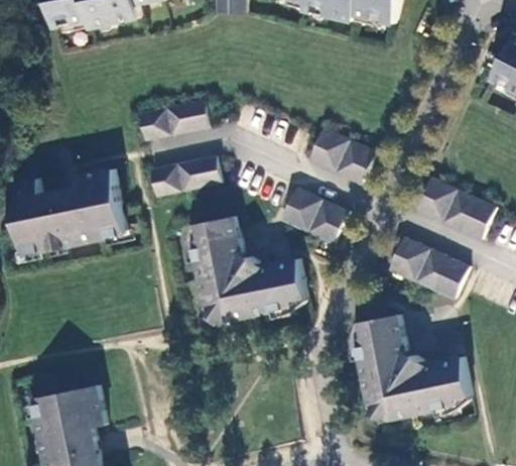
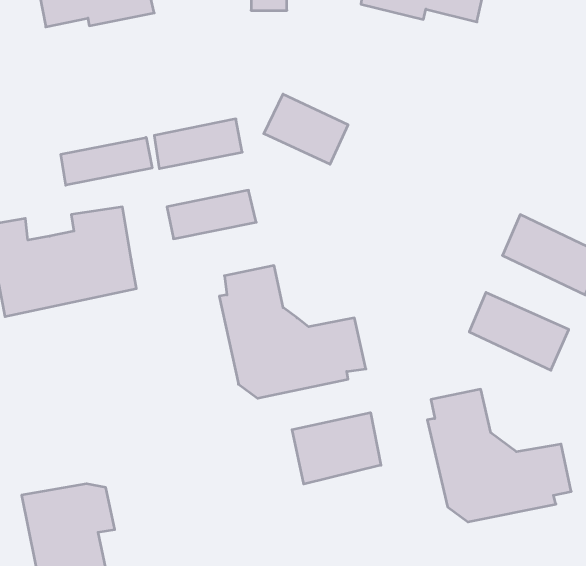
building: none -> [61,137,152,185]
building: [308,127,375,183] -> [264,94,348,164]
building: [281,187,348,242] -> none
building: none -> [292,413,381,484]

